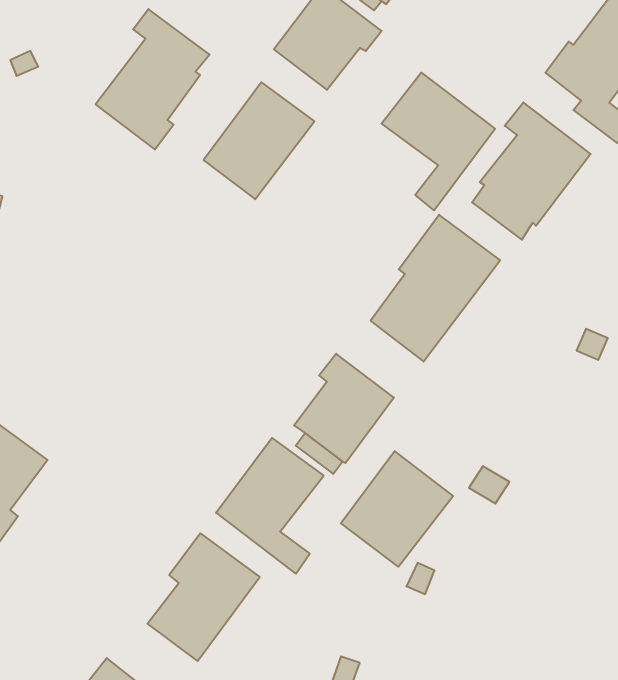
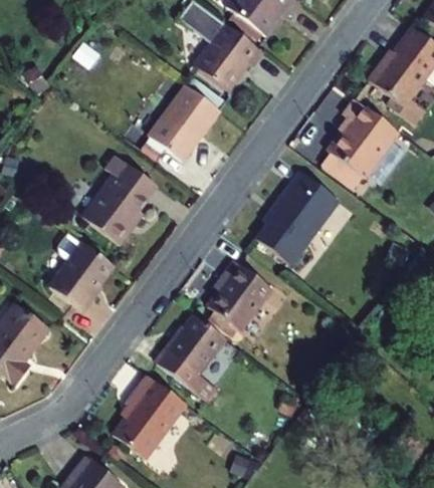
building: [96,9,210,150] -> [81,155,155,245]
building: [381,73,495,210] -> none
building: none -> [48,241,114,310]
building: [341,451,453,567] -> none

